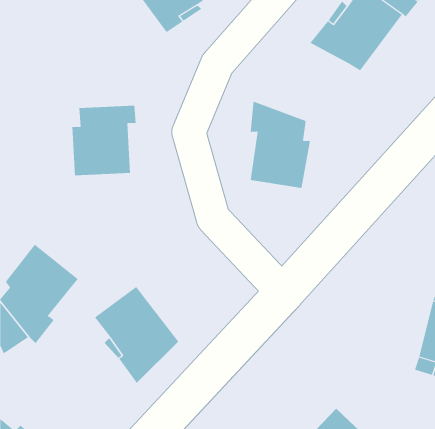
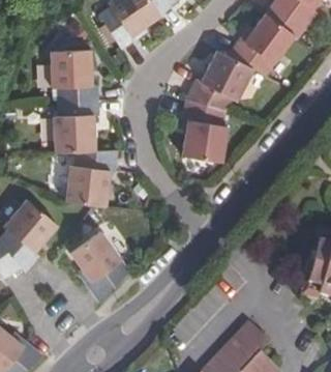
building: none -> [185,48,255,110]
building: none -> [49,49,99,101]
building: none -> [65,147,118,205]

